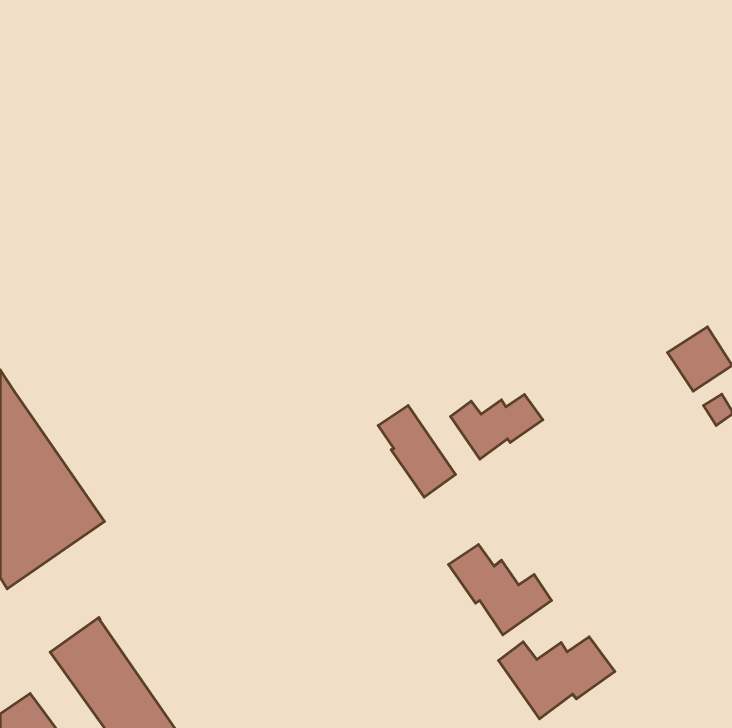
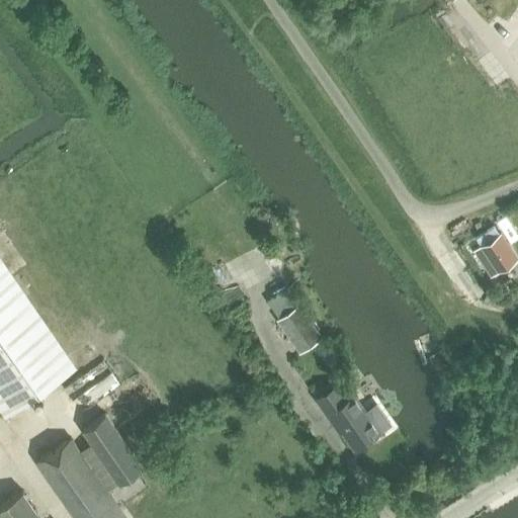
building: [450,394,543,459] -> none
building: none -> [82,416,143,487]
building: [498,637,615,719] -> none

